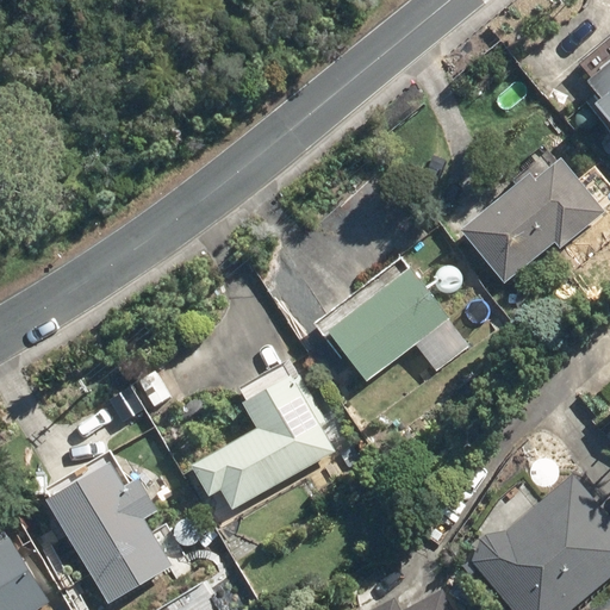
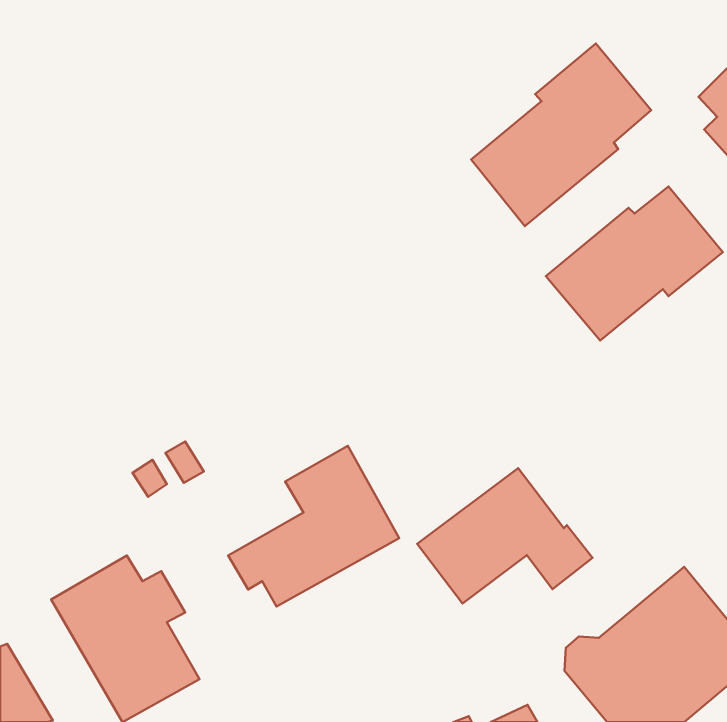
building: none -> [471,44,651,226]
building: [324,268,471,381] -> [417,468,592,604]

